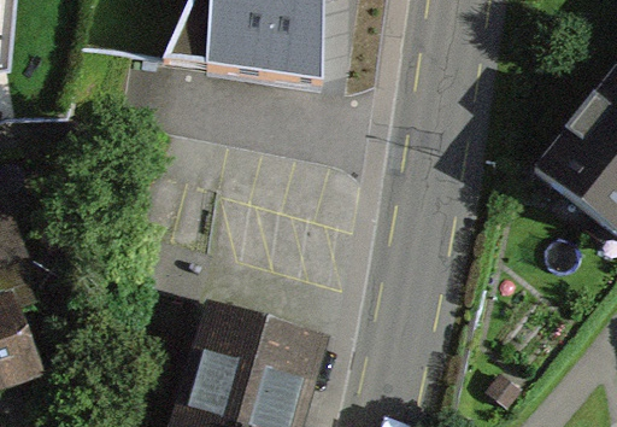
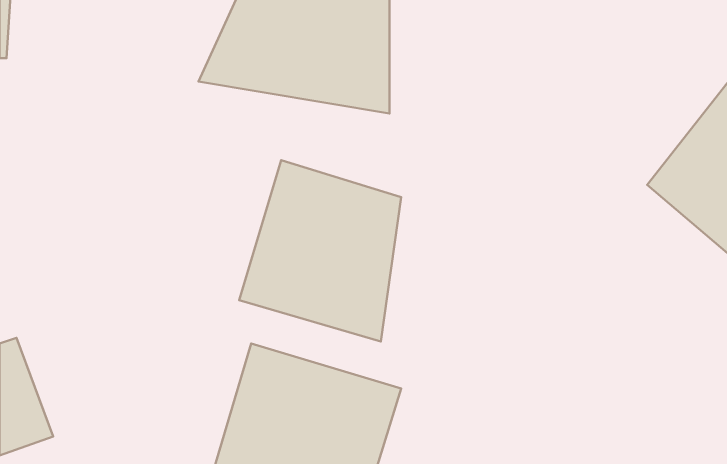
building: none -> [239,160,401,342]

